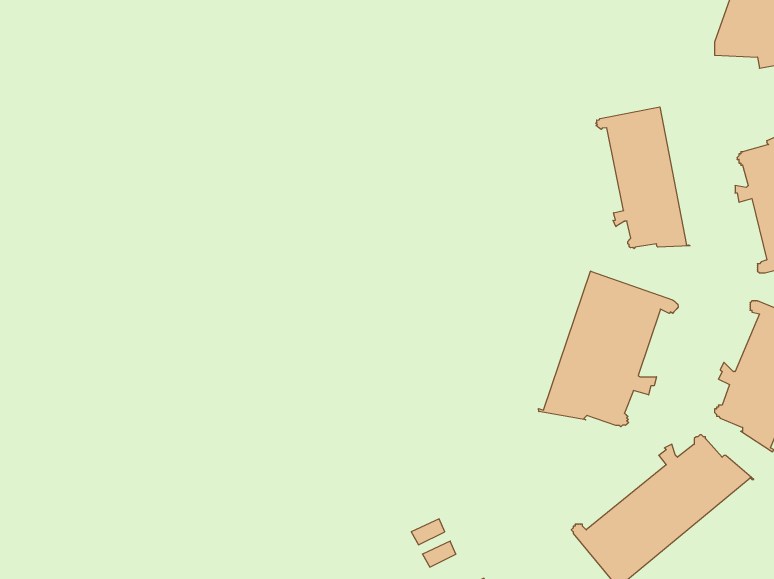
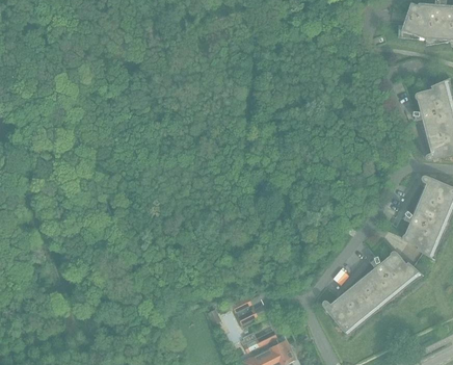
building: [596,107,690,249] -> none
building: [539,271,678,427] -> none

